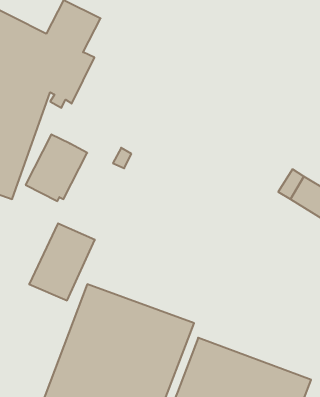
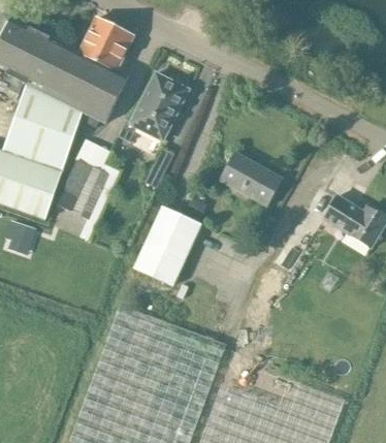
building: none -> [119,73,189,143]
building: none -> [221,153,282,205]
building: [29,223,95,300] -> [135,208,201,285]

